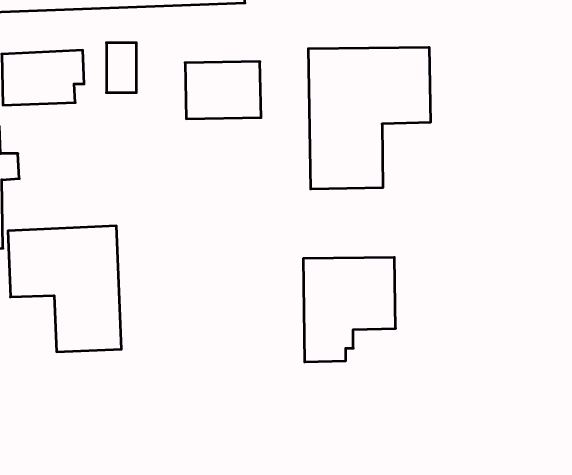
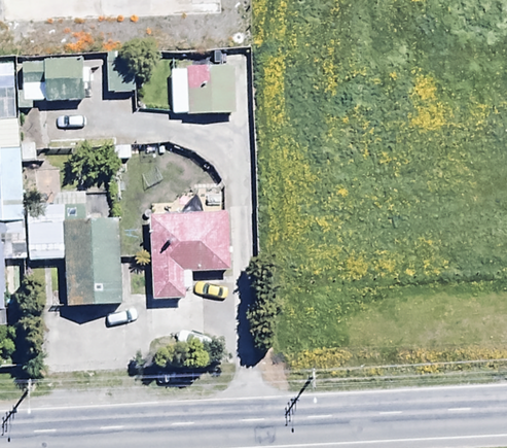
building: [308,47,430,189] -> none
building: [303,257,396,362] -> [150,210,226,297]

